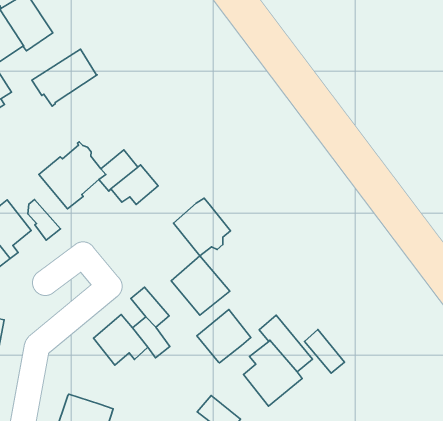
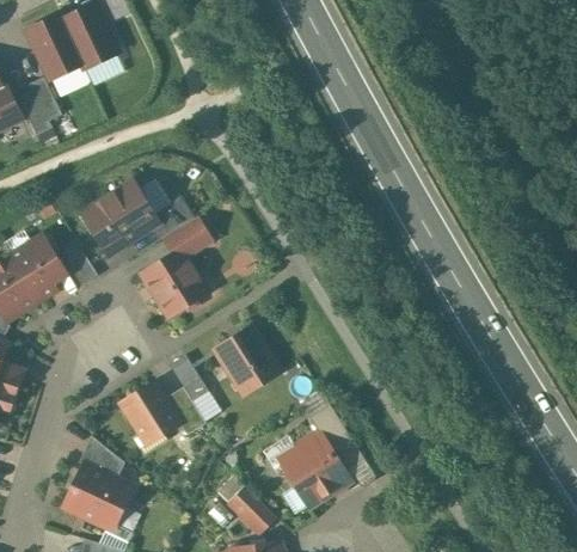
building: [32,49,97,106] -> none
building: [173,198,231,256] -> [142,251,205,315]
building: [197,310,251,363] -> none
building: [304,330,345,373] -> none
building: none -> [78,436,124,480]

